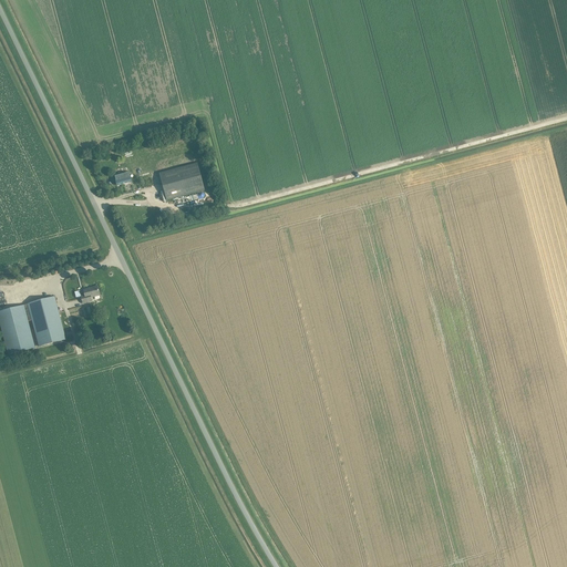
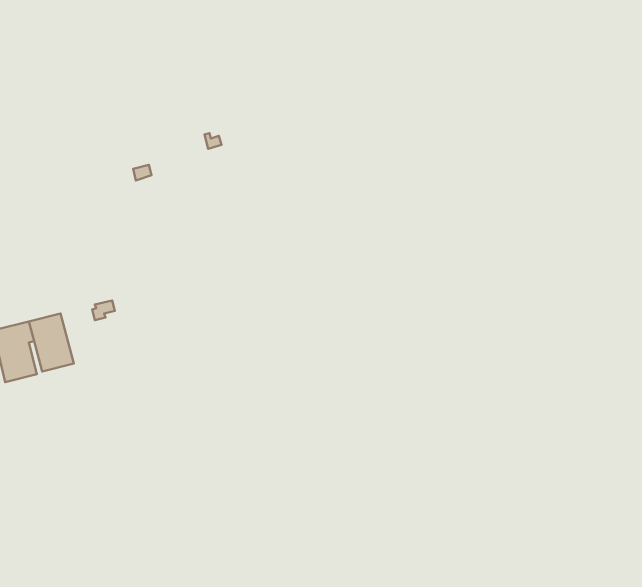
building: [159,162,203,198] -> none

